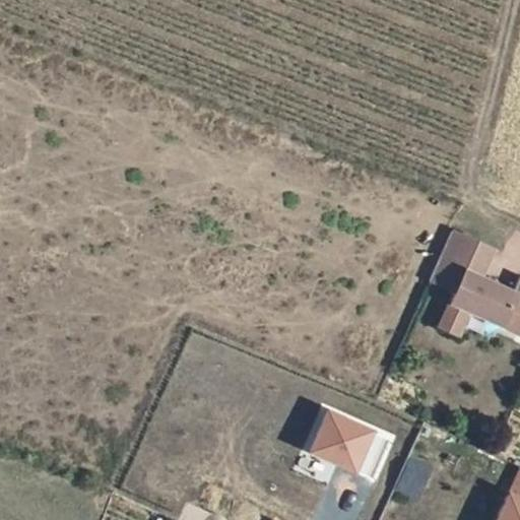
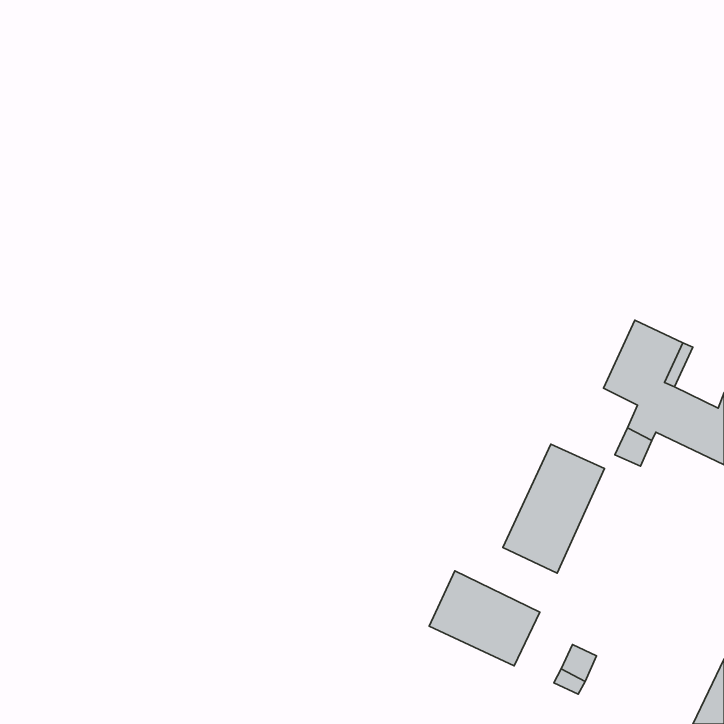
building: none -> [503,444,604,573]

